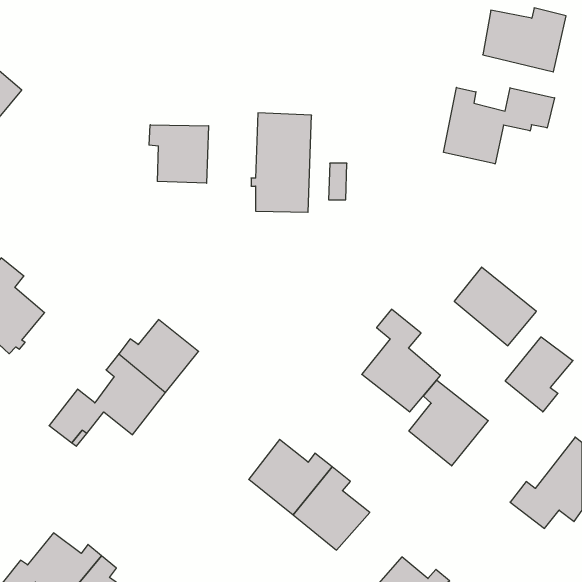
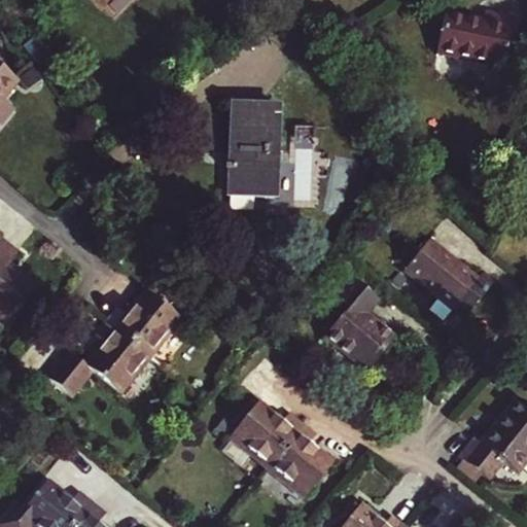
building: [444,87,555,164] -> none
building: [149,125,209,183] -> none
building: [505,337,573,412] -> none
building: [409,380,488,466] -> none

